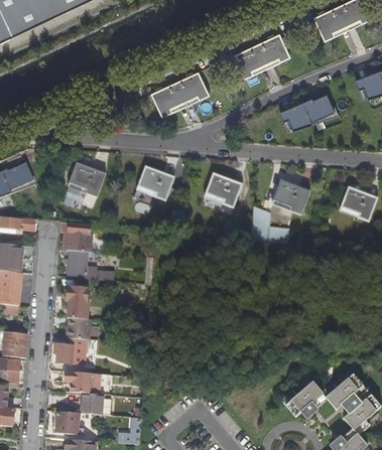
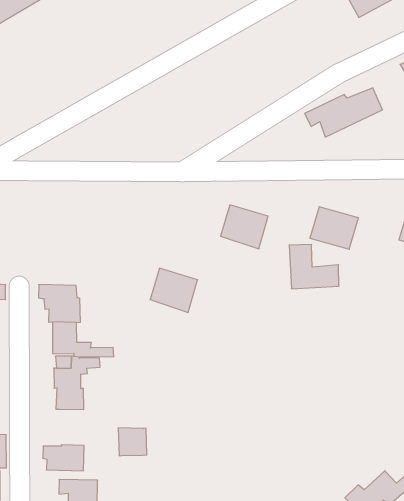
building: [230,32,287,78] -> none
building: [148,70,207,116] -> none
building: [66,161,104,196] -> none
building: [135,165,172,200] -> [150,268,198,312]
building: [68,316,90,338] -> [118,428,147,456]

